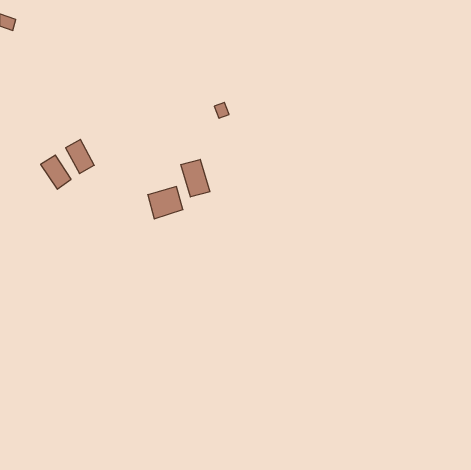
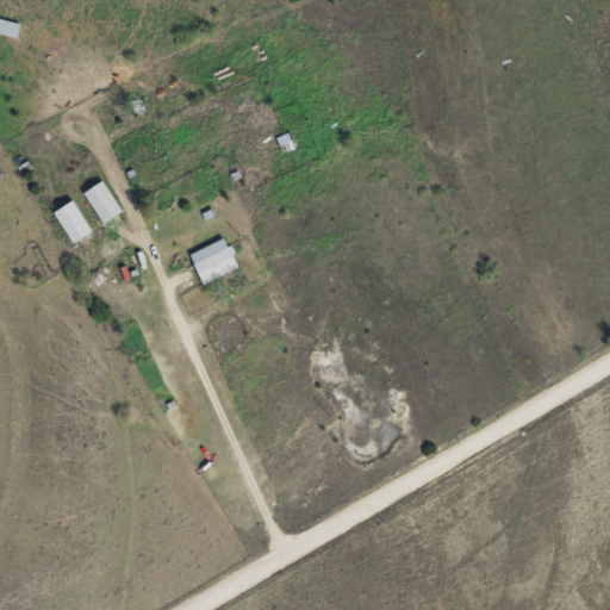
building: [181,159,210,197] -> none

